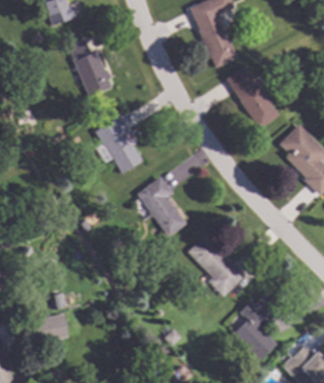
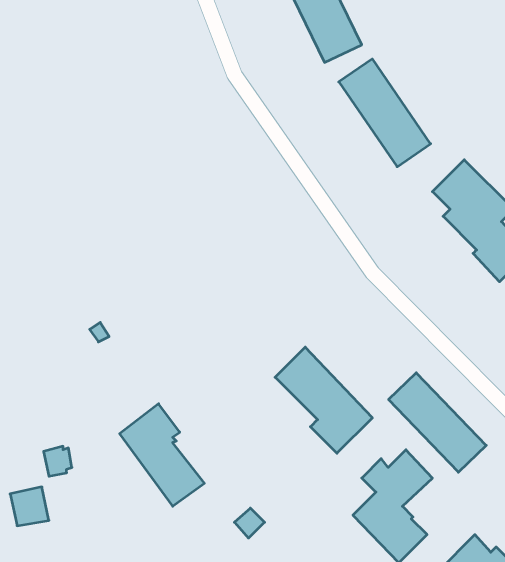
building: [69,39,113,97] -> none
building: [95,115,143,173] -> none
building: [138,176,187,236] -> [120,404,204,506]
building: none -> [389,373,486,472]

